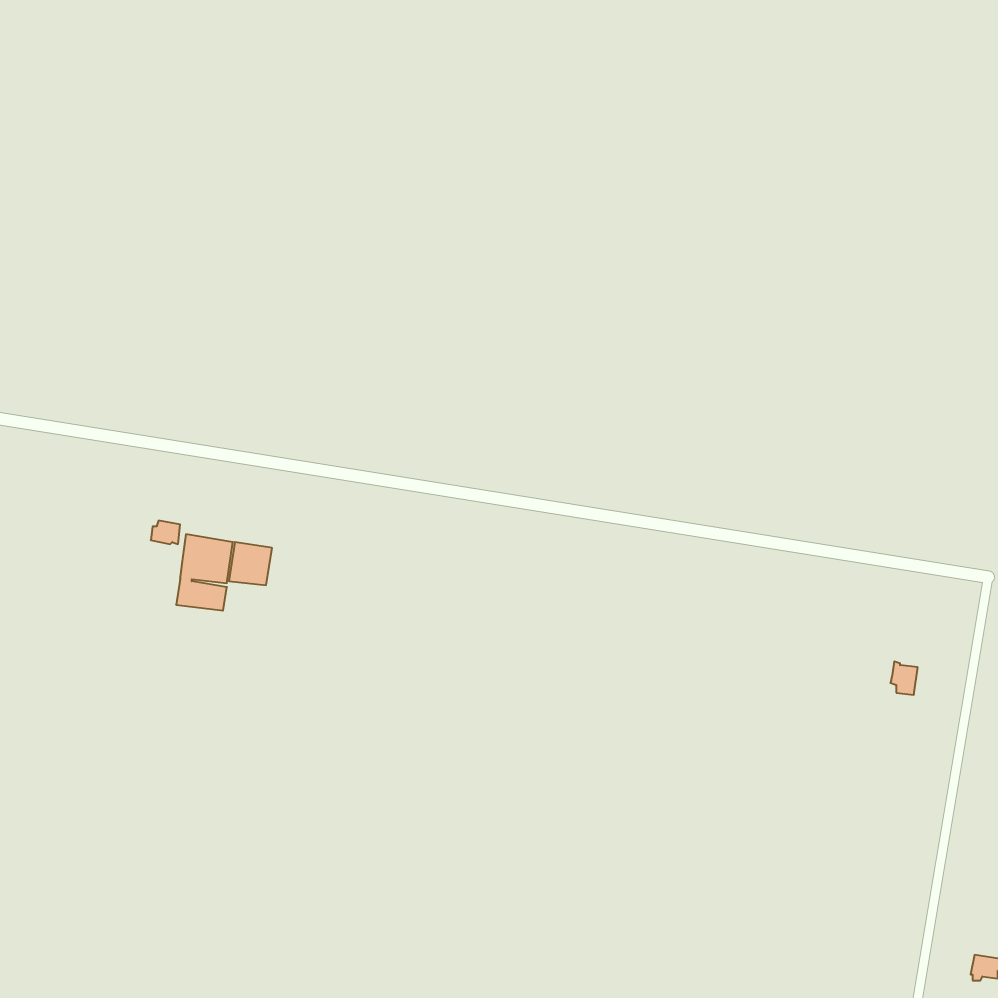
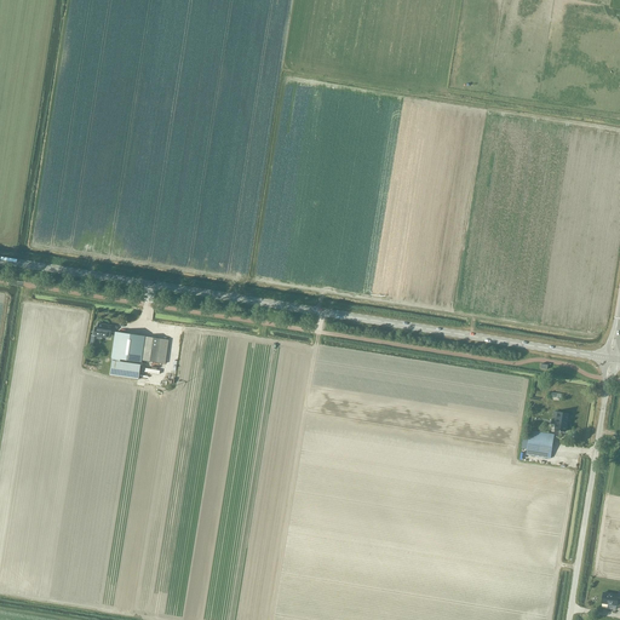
building: none -> [527,430,555,458]

